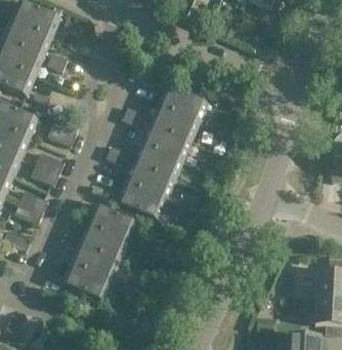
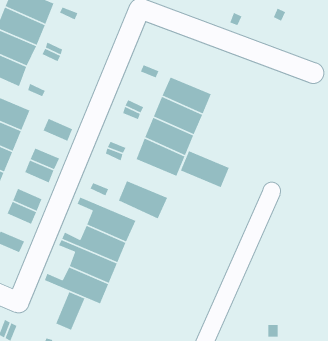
building: [124,162,171,198] -> [180,150,230,188]
building: none -> [55,291,85,331]

